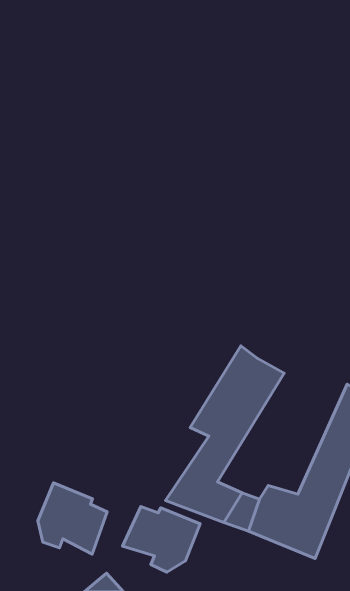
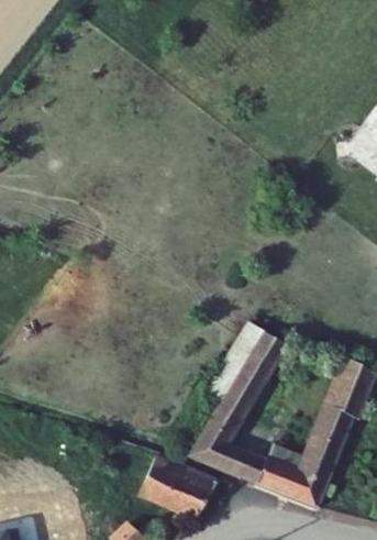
building: [38,483,107,554] -> none

